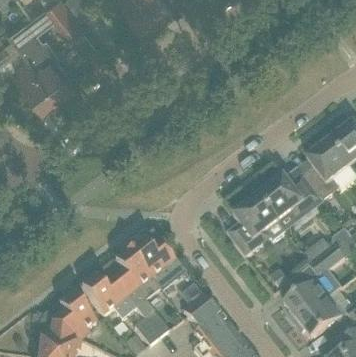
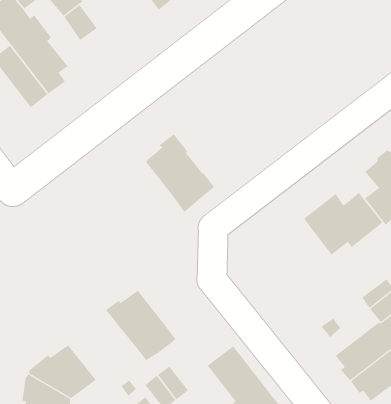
building: [226,195,286,257] -> none
building: [128,229,183,291] -> [145,134,215,212]
building: [80,267,135,320] -> none

